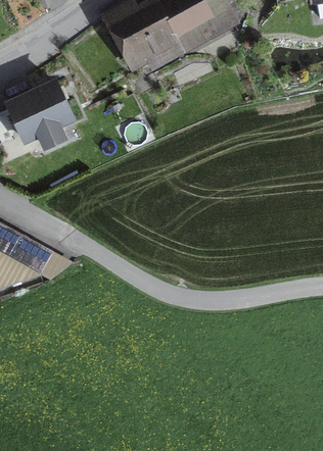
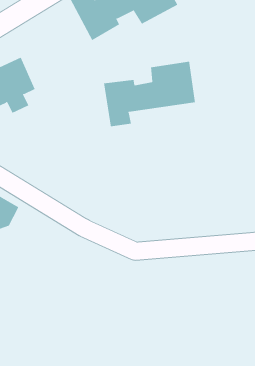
building: none -> [104,61,196,127]

